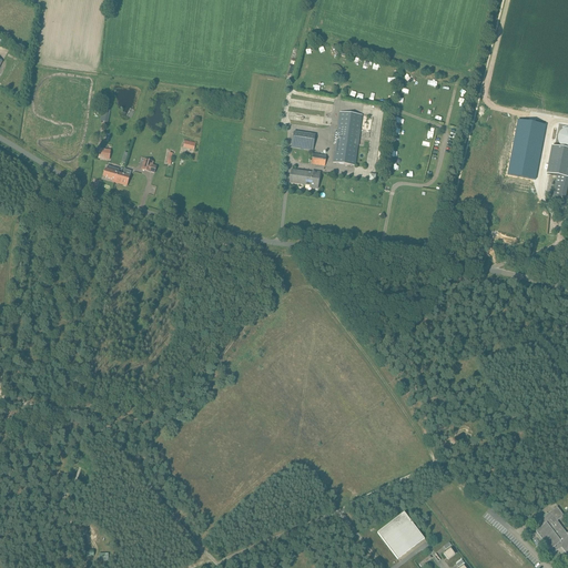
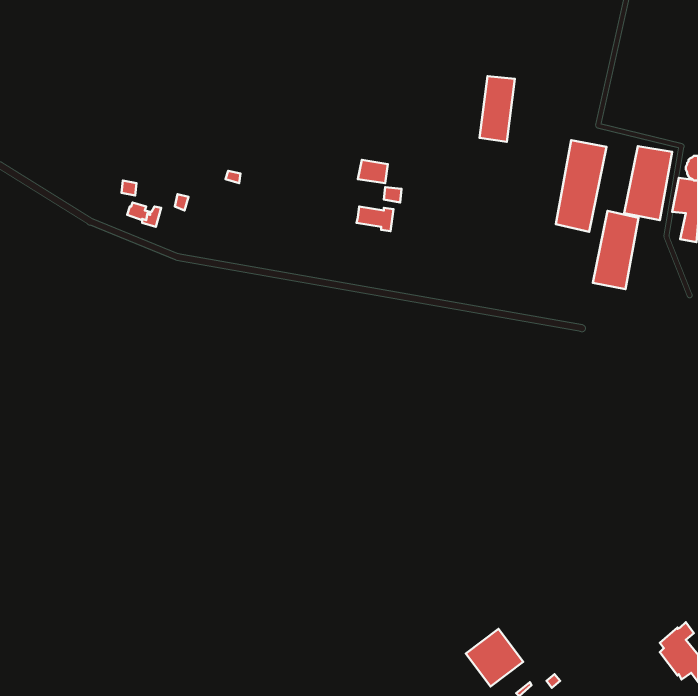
building: [333,111,362,164] -> [479,76,515,142]
building: none -> [556,140,606,232]
building: none -> [593,211,639,289]

